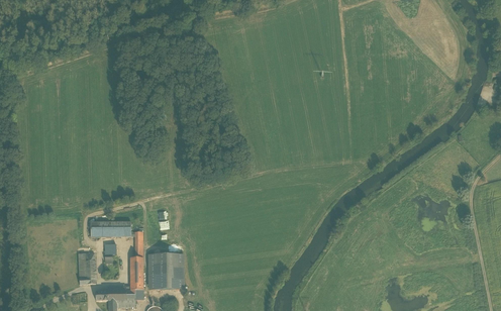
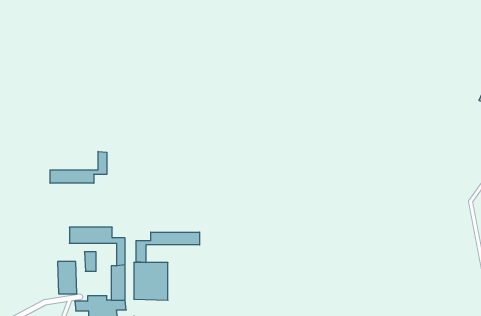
building: none -> [50,151,107,183]
building: none -> [136,232,200,263]

